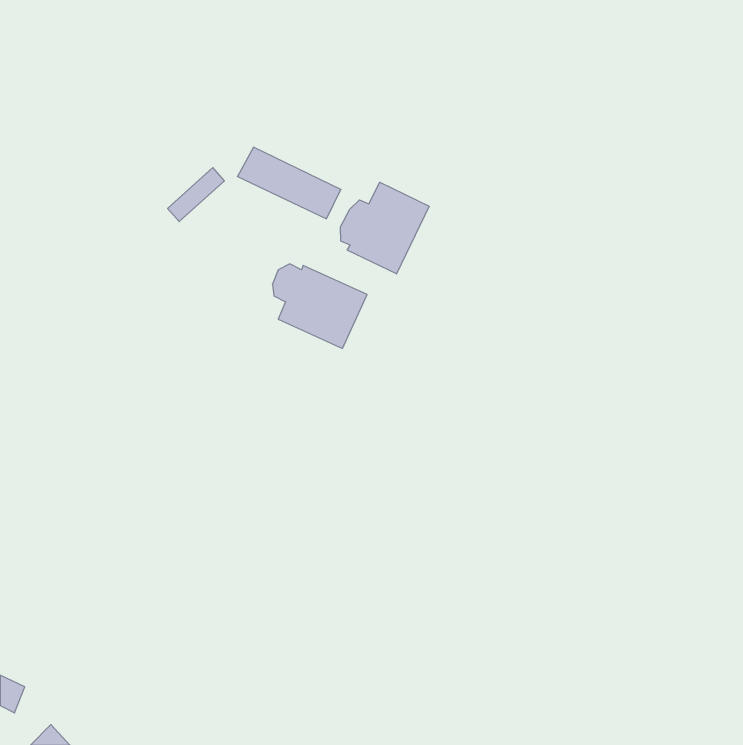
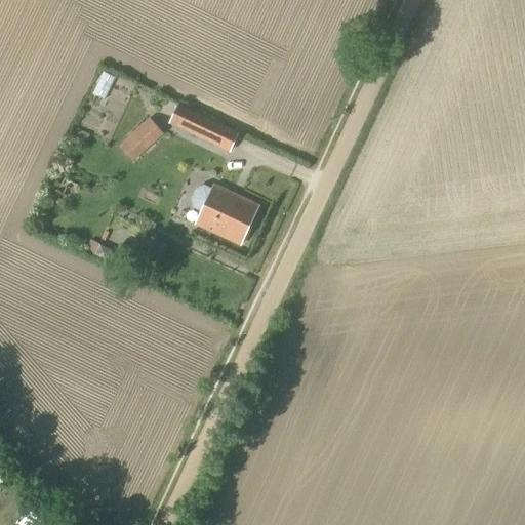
building: [341,182,429,274] -> none

